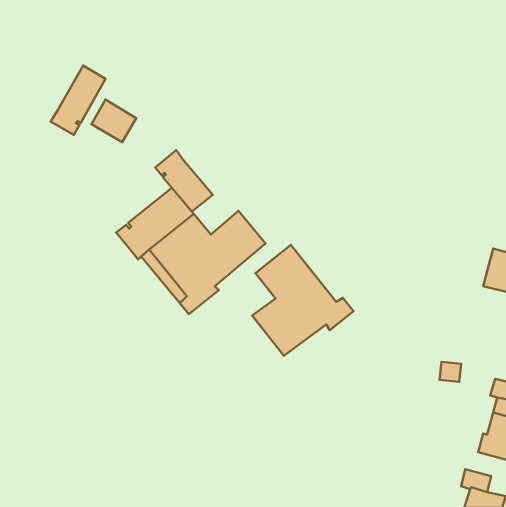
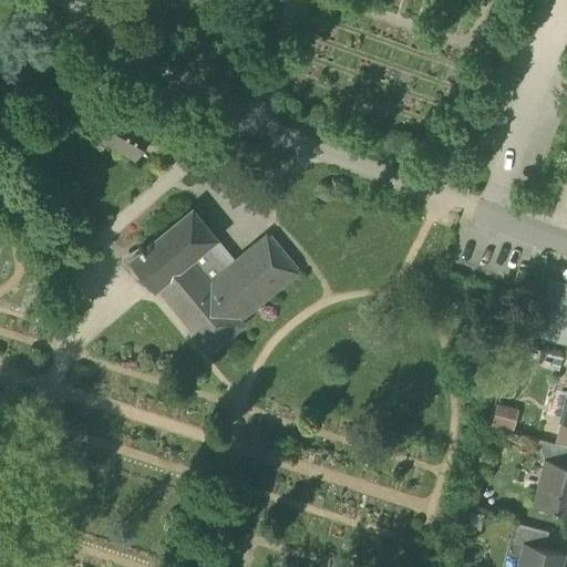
building: [50,65,106,135] -> none
building: [155,150,213,211] -> none
building: [252,245,353,356] -> none

